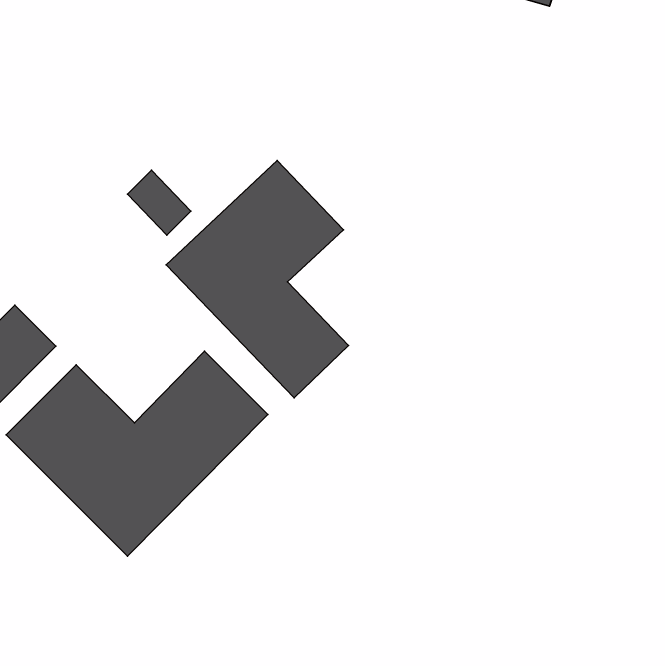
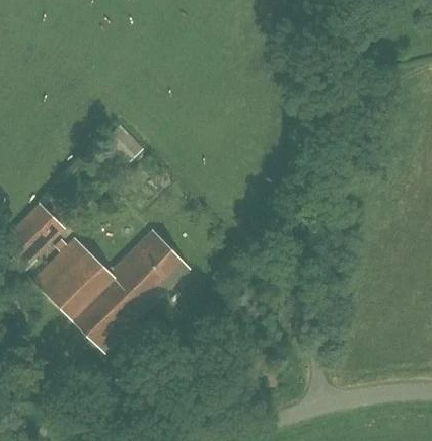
building: [166,160,349,398] -> none

